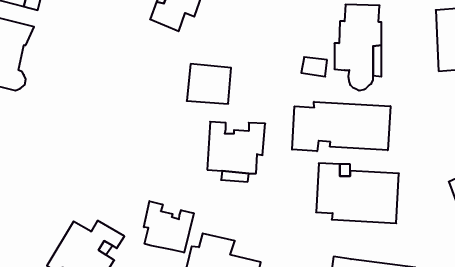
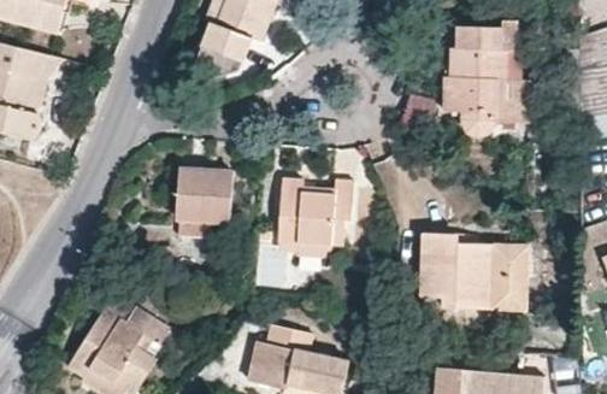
building: [187,64,231,104] -> [176,169,234,220]
building: [292,102,390,151] -> none
building: [144,201,194,253] -> none

